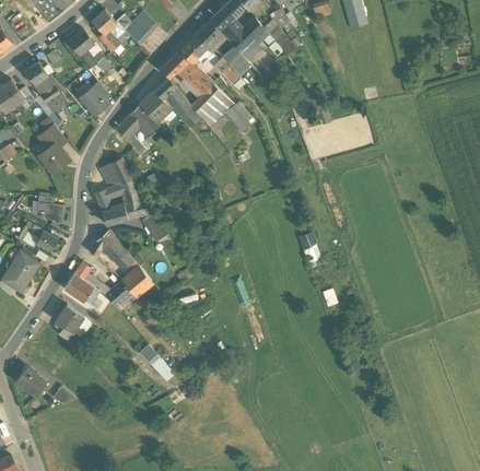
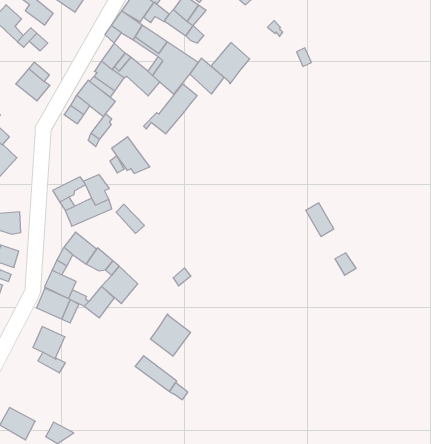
building: none -> [211,43,250,84]
building: none -> [144,84,197,134]
building: [107,157,137,189] -> [112,137,150,173]
building: none -> [151,314,190,356]

